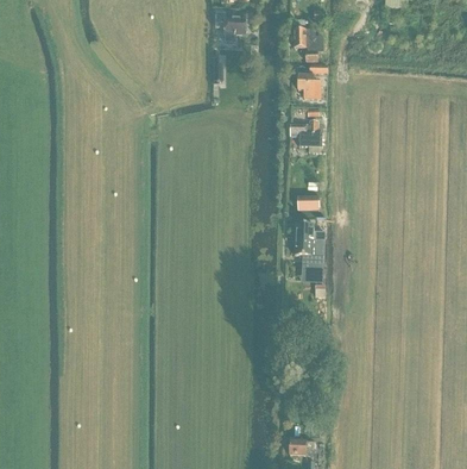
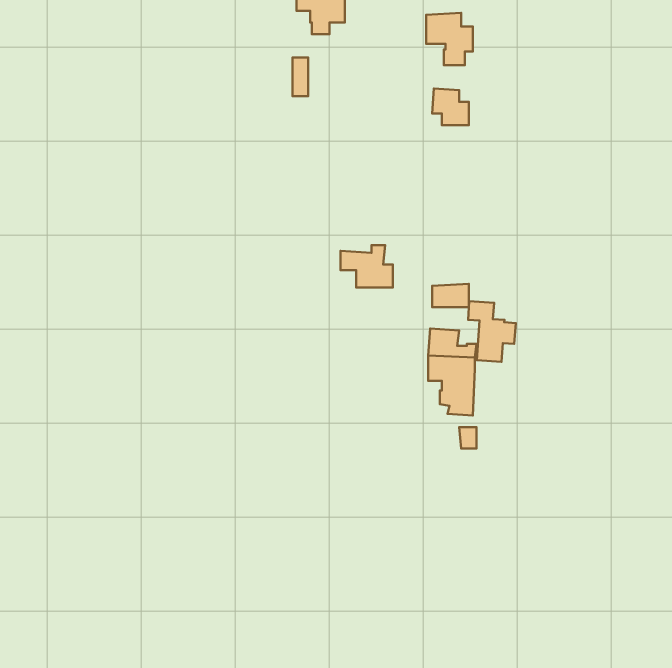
building: [290,119,322,145] -> [341,245,393,288]
building: none -> [468,301,516,362]

